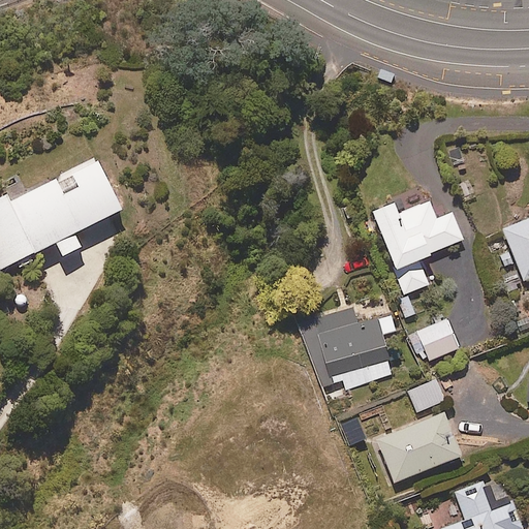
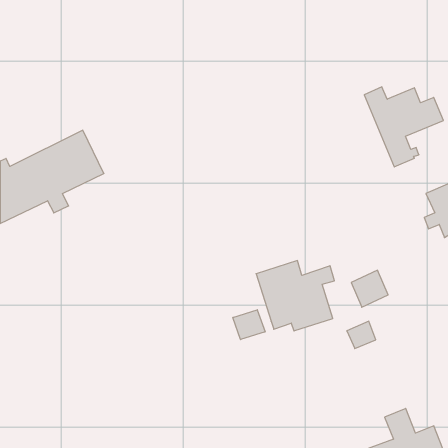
building: [369,200,462,294] -> [364,87,443,167]
building: none -> [233,310,265,340]
building: [376,412,460,483] -> none

